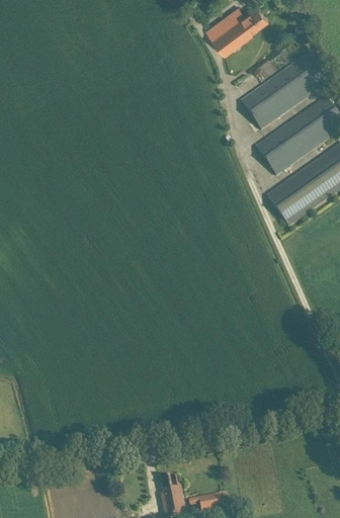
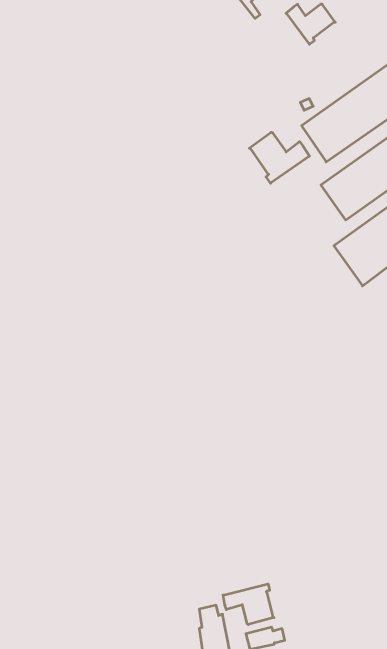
building: [206,11,248,53] -> none
building: none -> [249,132,309,183]
building: none -> [223,584,274,625]

